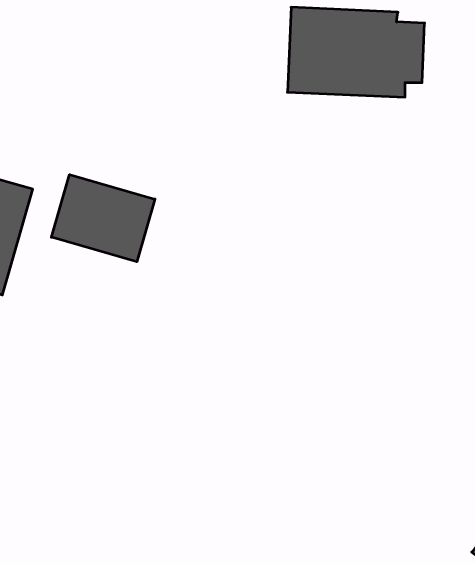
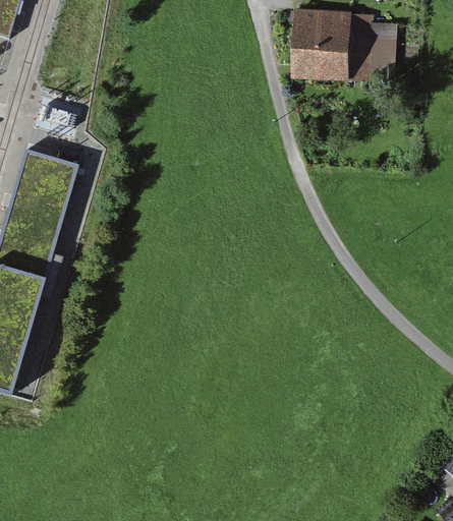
building: [51,175,155,262] -> none

